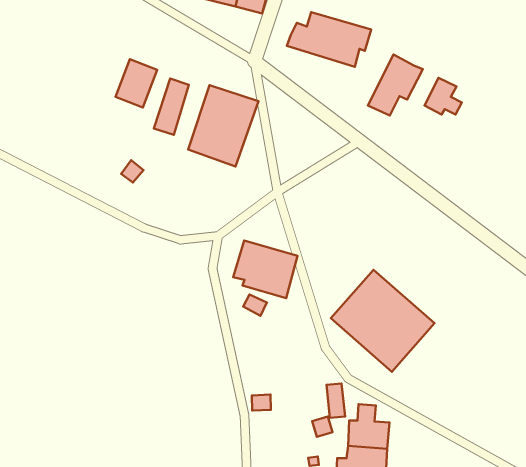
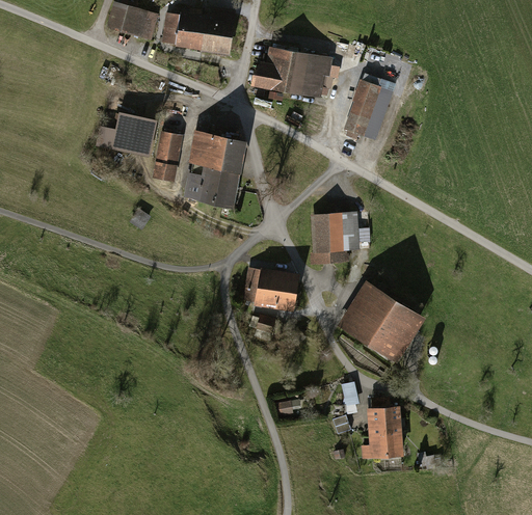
building: [425,78,462,115] -> none
building: none -> [311,210,361,264]

